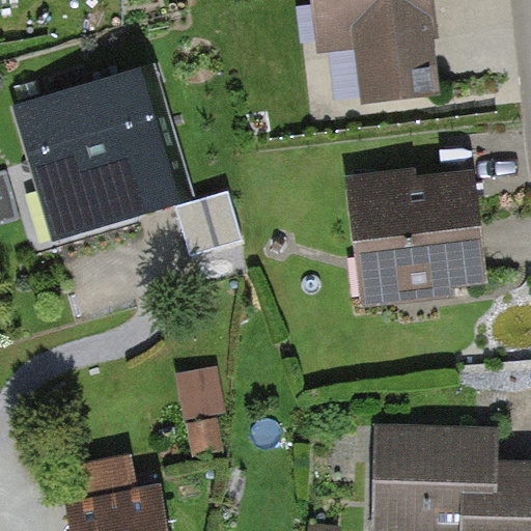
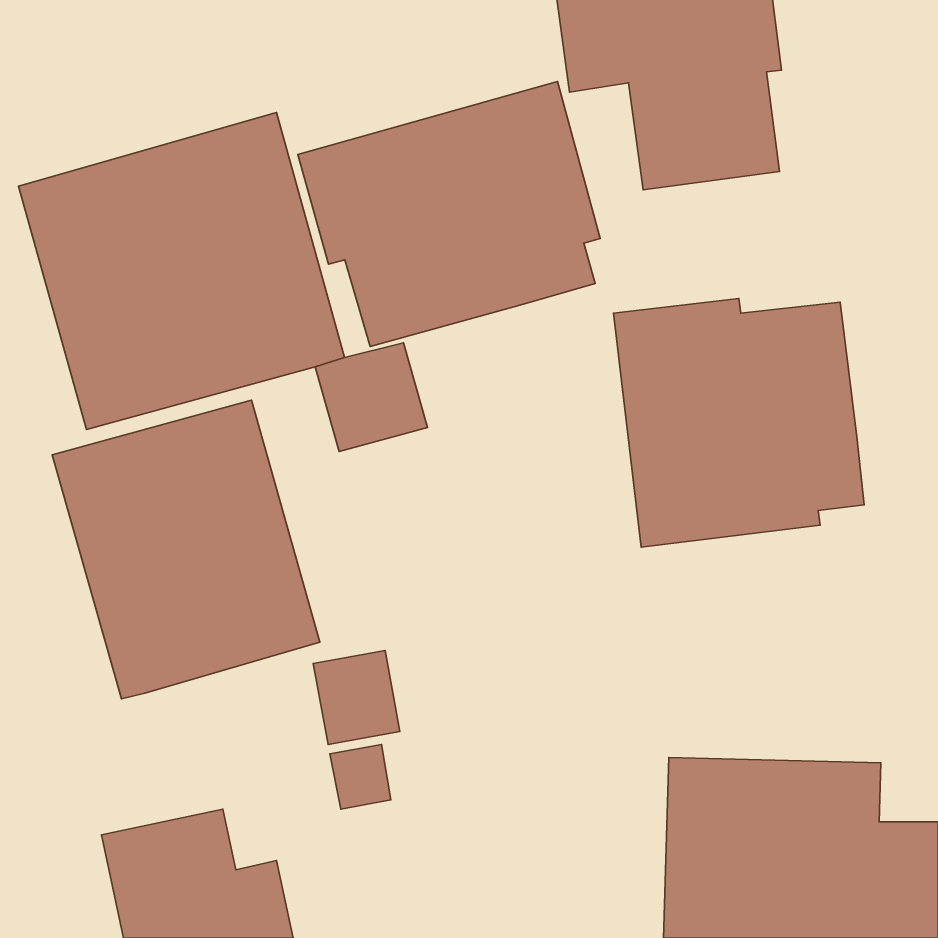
building: none -> [298,82,600,347]
building: none -> [52,400,320,699]

